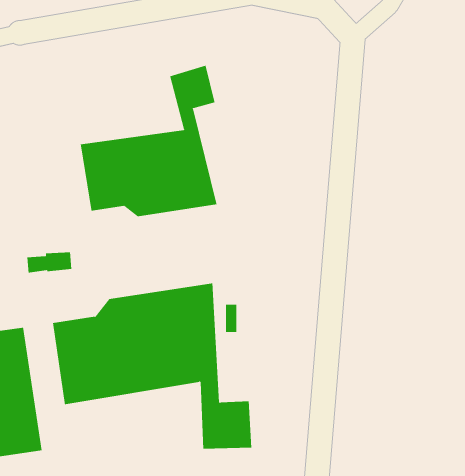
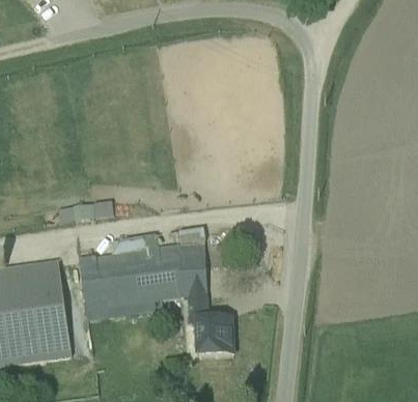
building: [80,65,217,217] -> none

